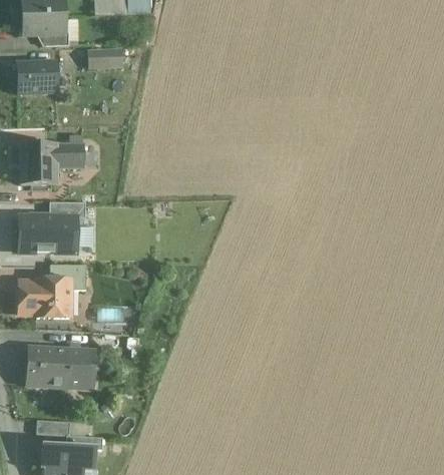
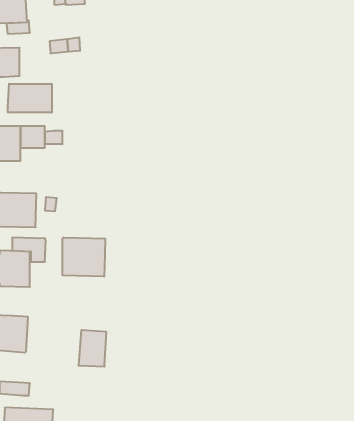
building: none -> [8,84,52,113]
building: none -> [63,237,105,277]
building: [65,348,95,387] -> [78,330,106,367]

